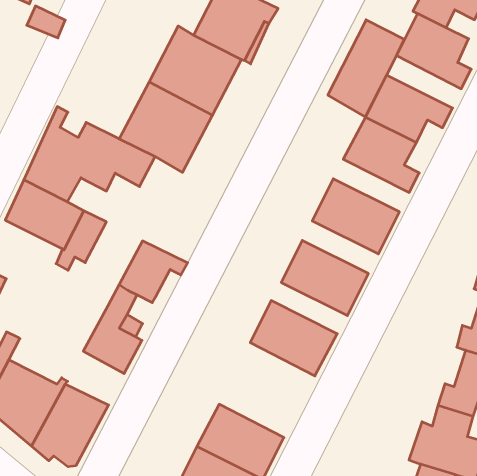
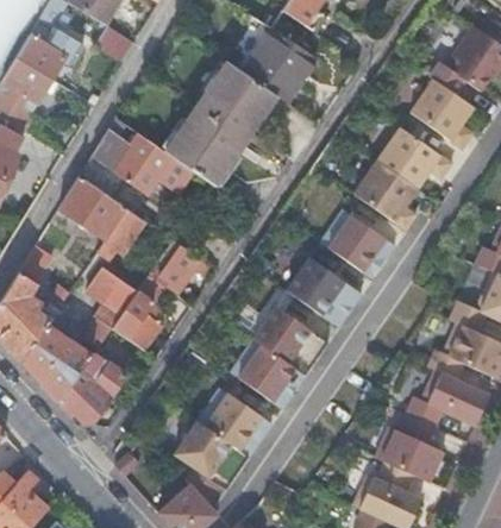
building: [328,20,404,117] -> none
building: none -> [83,265,137,346]
building: none -> [230,338,305,407]

